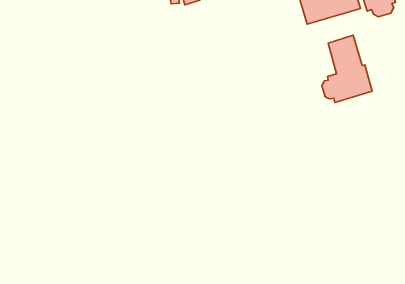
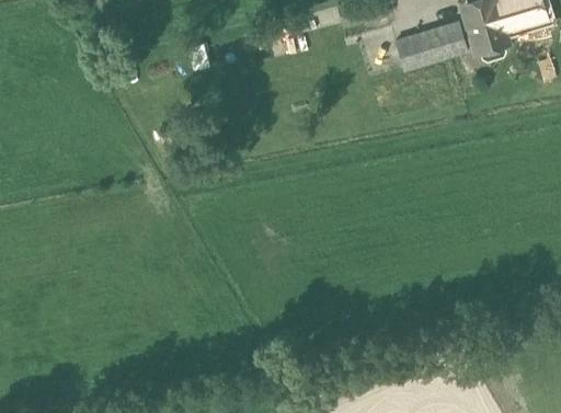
building: [322,35,372,102] -> none

